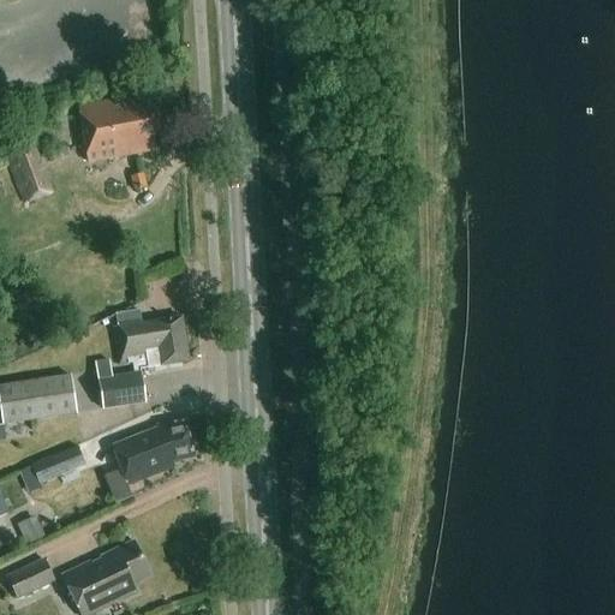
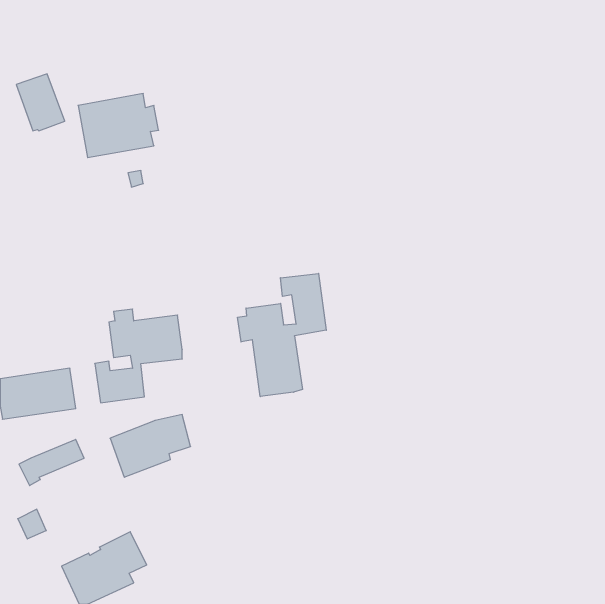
building: [5,145,54,203] -> [16,74,65,131]
building: none -> [238,273,326,397]
building: [5,557,55,599] -> none

